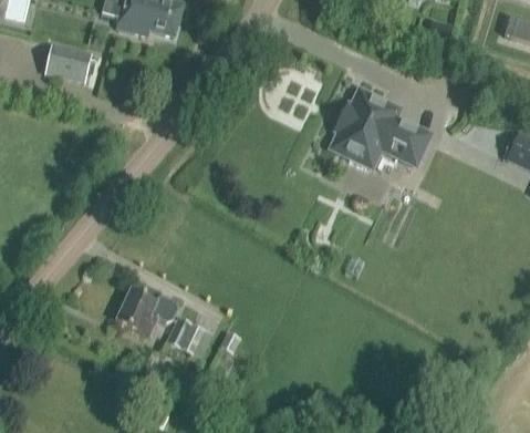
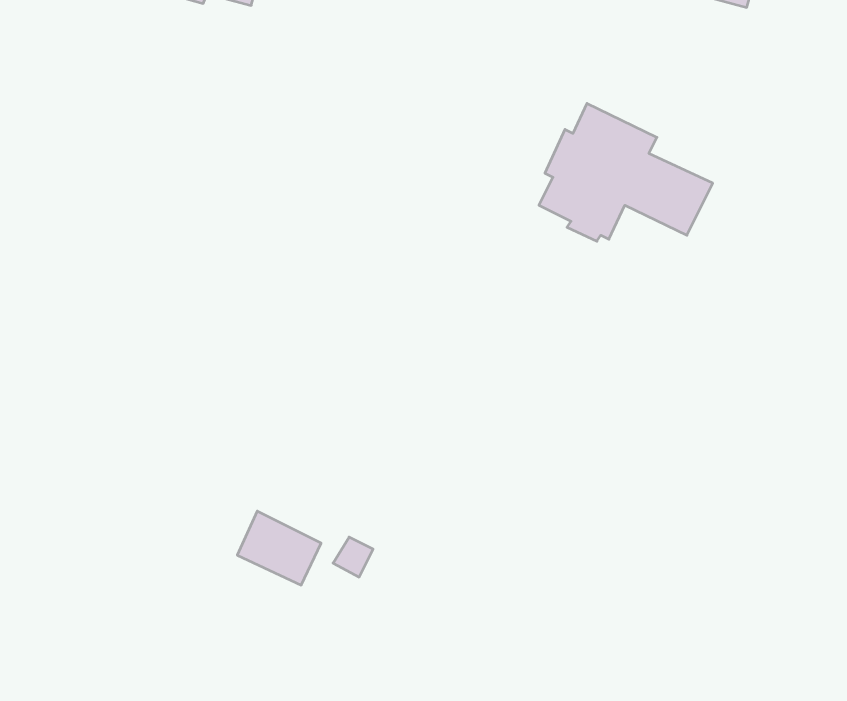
building: [44,48,90,82] -> none
building: [115,288,176,336] -> none

